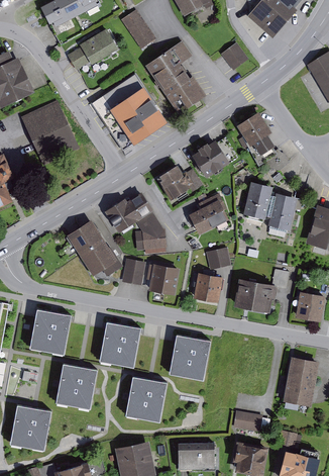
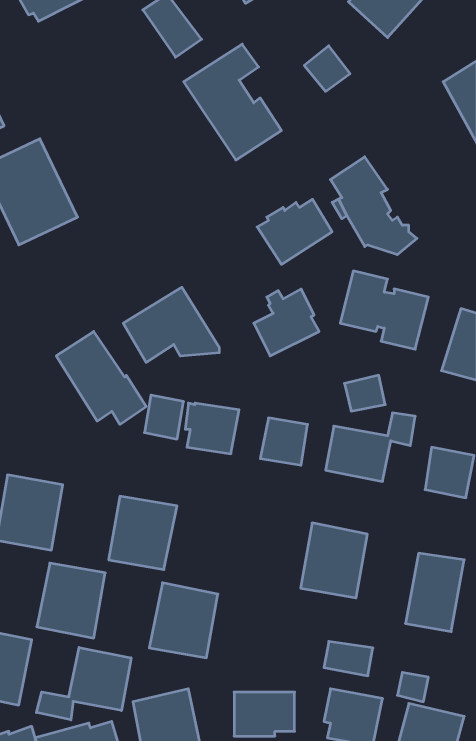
building: [67,28,118,71] -> none
building: [89,73,168,152] -> none
building: [157,164,202,199] -> none
building: [137,232,169,257] -> none
building: [205,248,230,270] -> [344,375,385,411]
building: [169,334,210,380] -> [301,523,367,598]
building: none -> [36,647,131,720]

